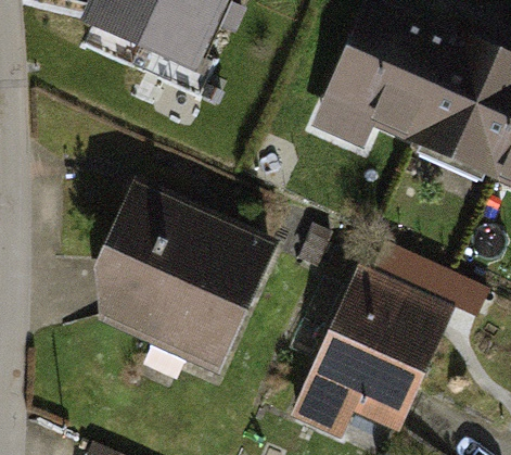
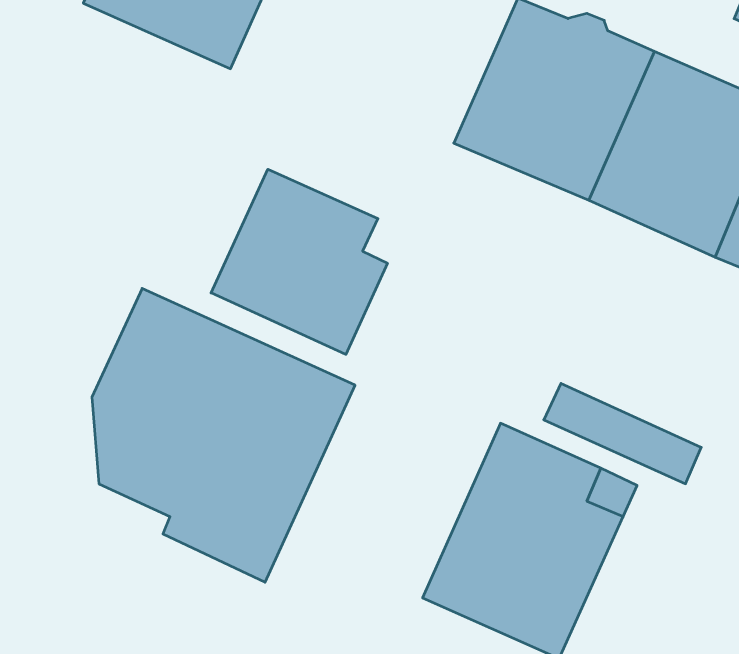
building: none -> [211,169,387,354]

